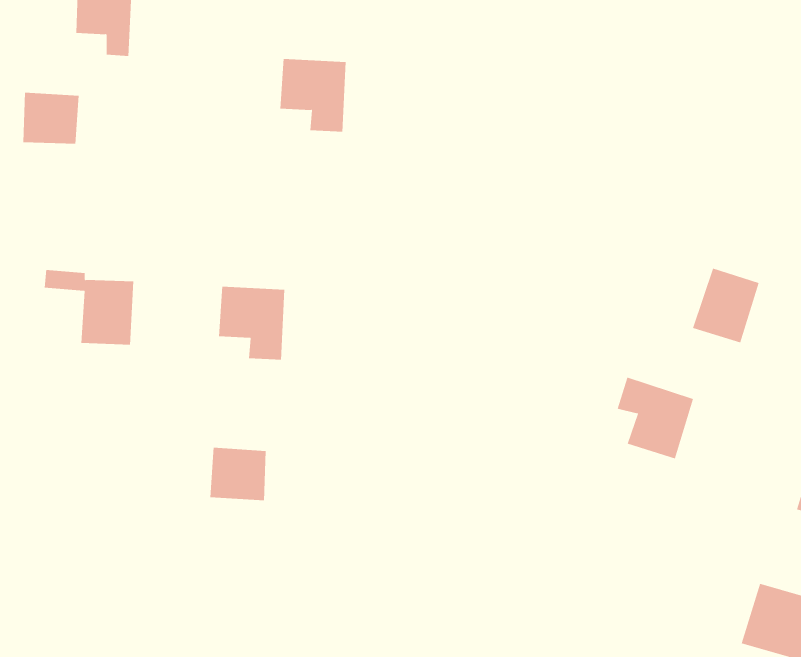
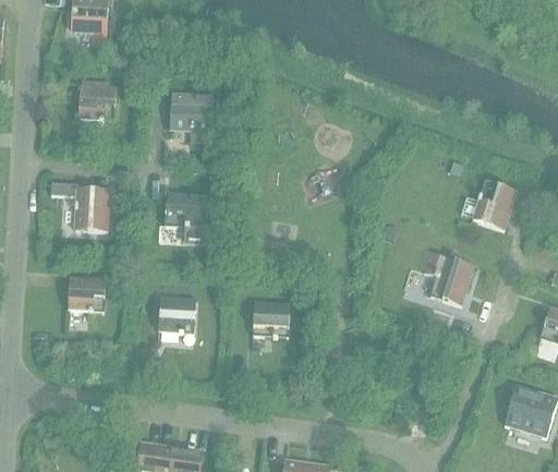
building: [279,58,346,132] -> [169,92,213,140]
building: [22,92,79,144] -> [78,85,116,119]
building: none -> [68,276,105,311]
building: none -> [252,301,289,336]

